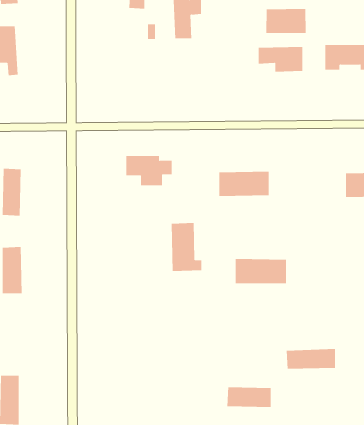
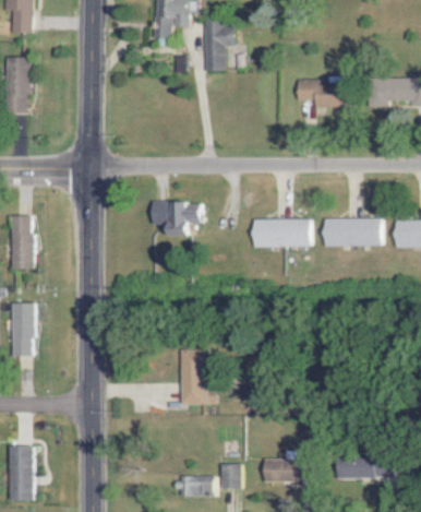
building: [266,8,306,34] -> none
building: [171,222,202,271] -> [179,349,214,404]
building: [235,258,287,284] -> [323,217,381,246]
building: [286,349,336,369] -> [336,454,392,477]
building: none -> [218,465,239,488]
building: none -> [175,476,214,496]

